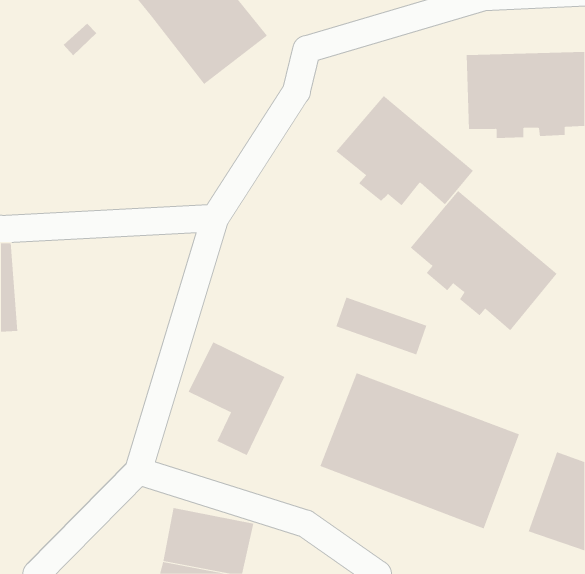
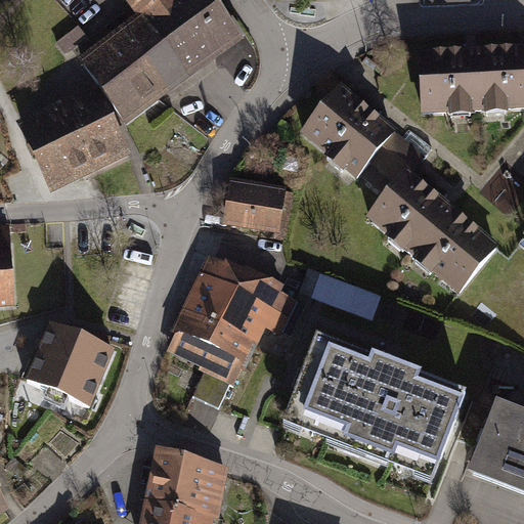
building: none -> [84,15,182,116]
building: none -> [26,84,127,179]
building: none -> [227,176,290,222]
building: none -> [190,253,296,337]
building: none -> [29,317,115,399]

